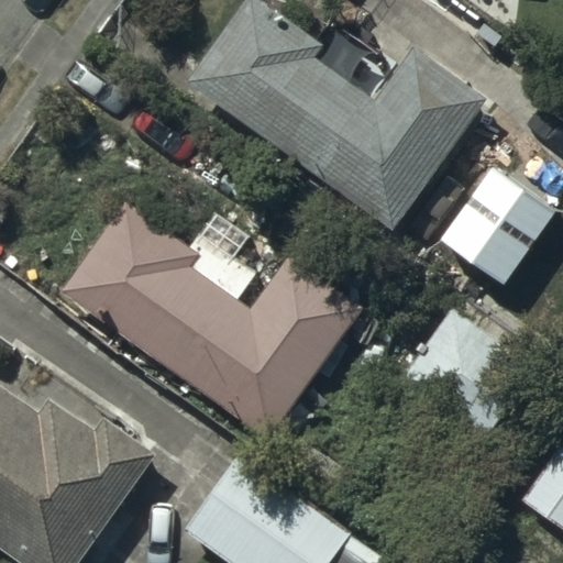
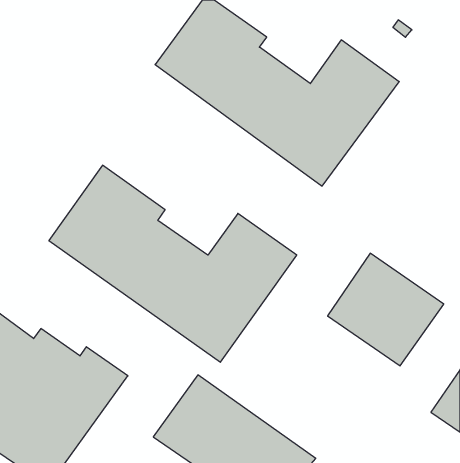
building: [441,170,552,284] -> none

